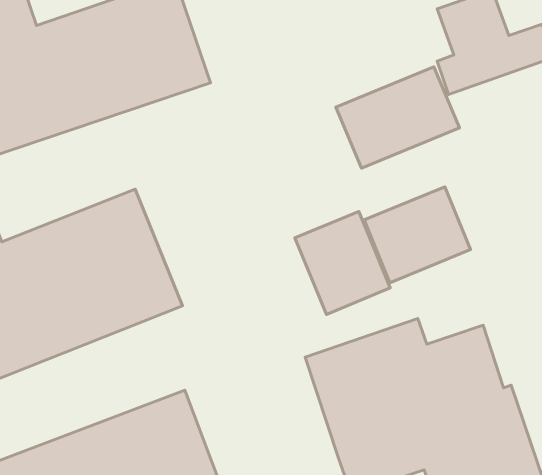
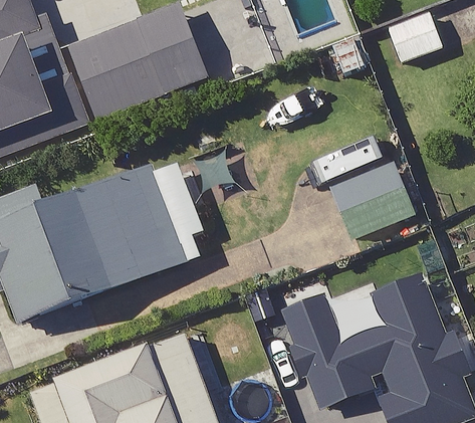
building: [336,67,459,168] -> none
building: [295,211,390,315] -> none

